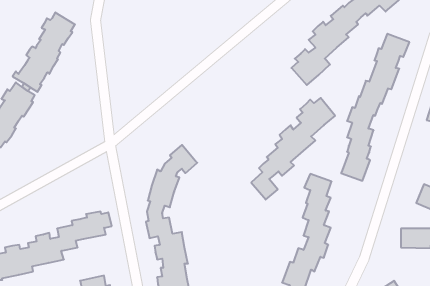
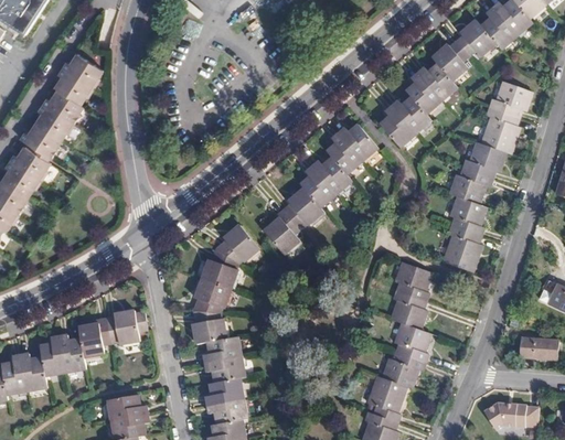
building: [251,98,335,200] -> [267,126,375,257]

